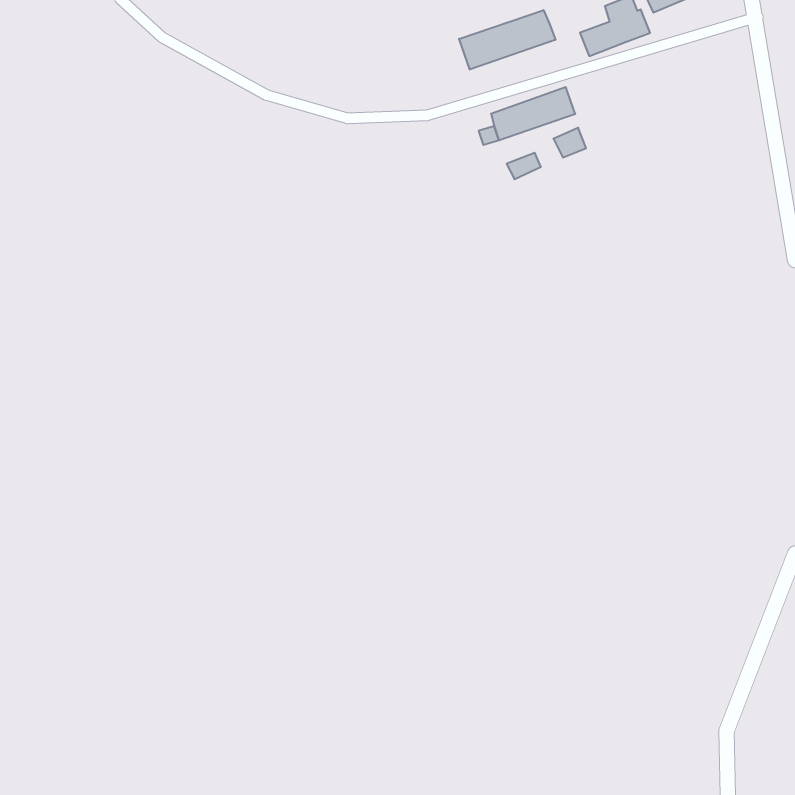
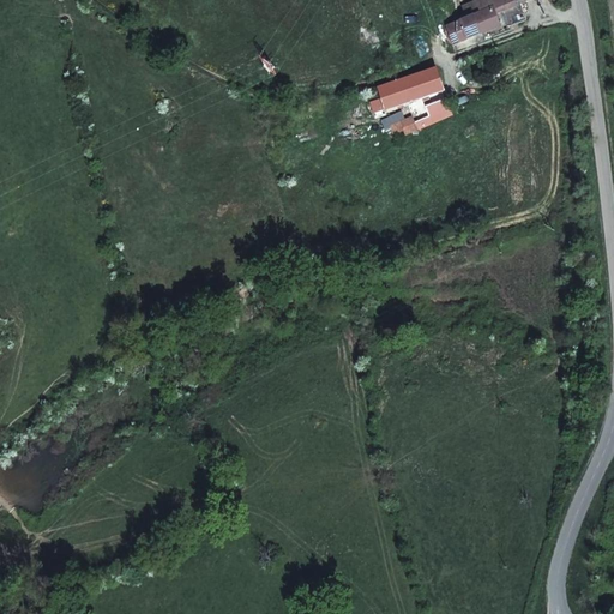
building: [459,10,555,70] -> none

